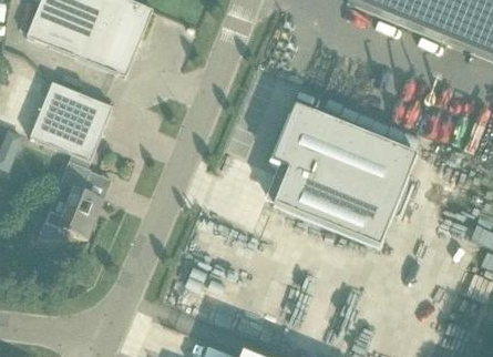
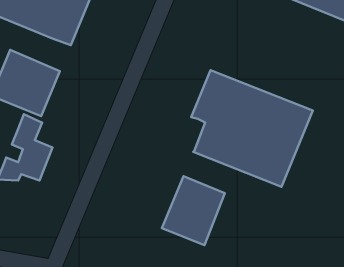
building: none -> [162,176,225,245]

